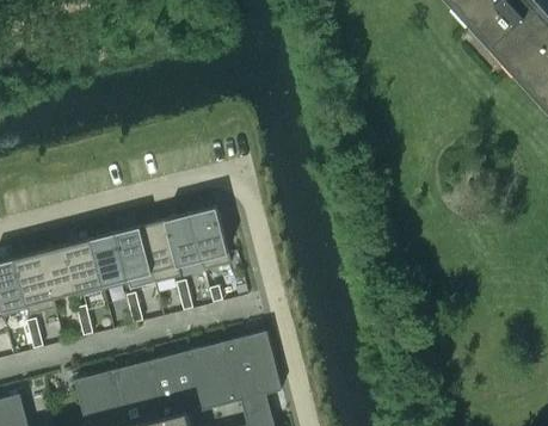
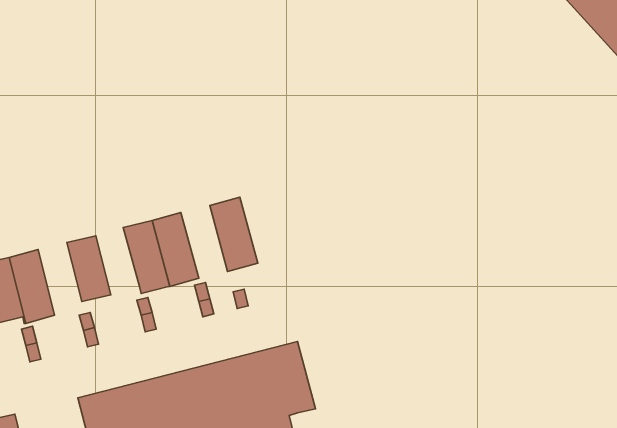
building: [161,216,202,279] -> none
building: [87,235,125,294] -> none
building: [37,248,75,311] -> none

